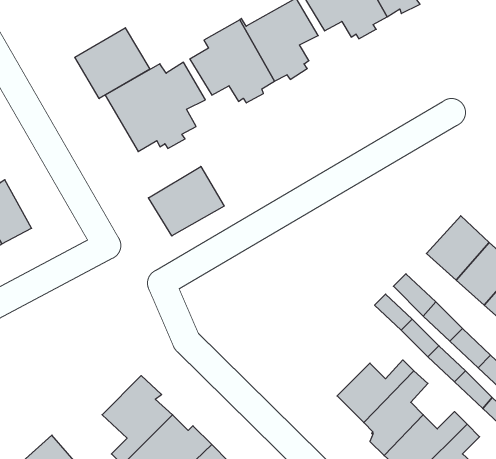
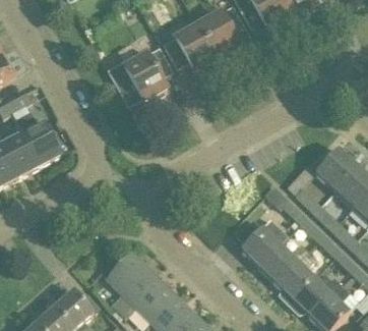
building: [75,28,150,99] -> none
building: [148,166,224,236] -> none
building: none -> [240,225,279,264]

